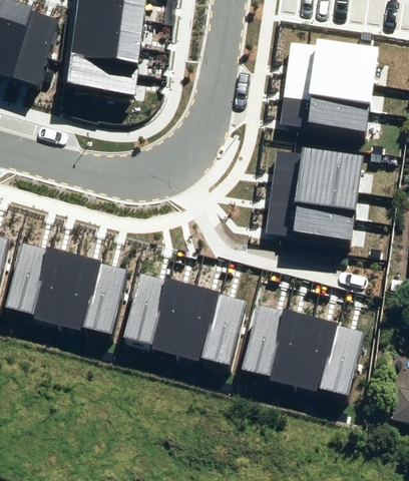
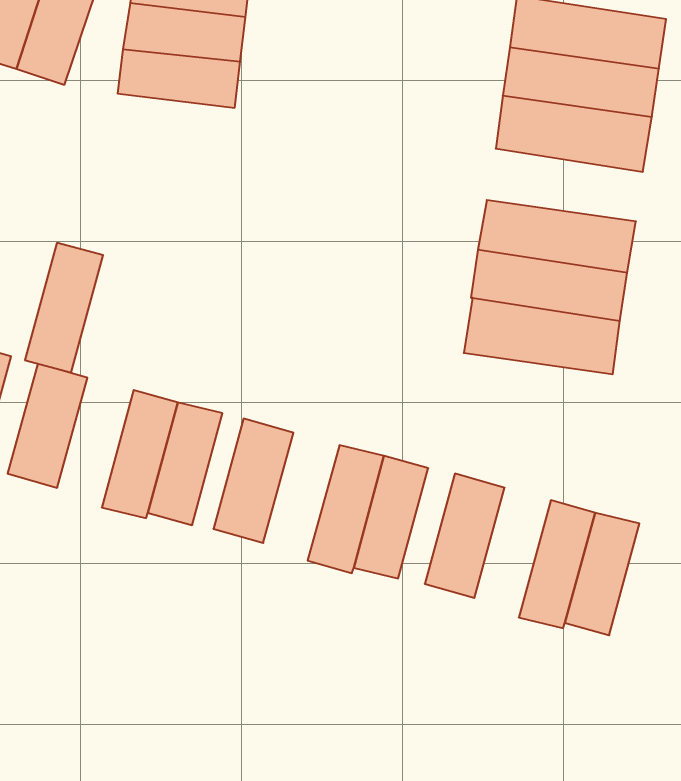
building: [34,249,78,322] -> [25,243,103,372]
building: [150,280,194,352] -> none
building: [270,311,314,384] -> none

